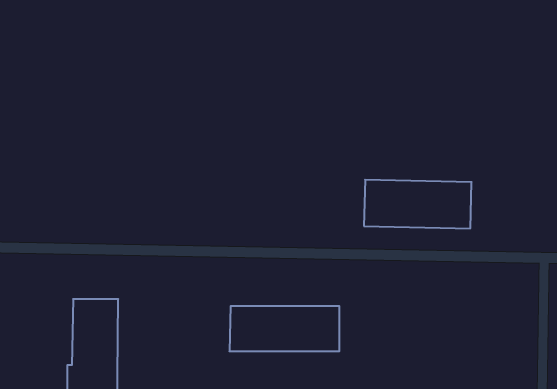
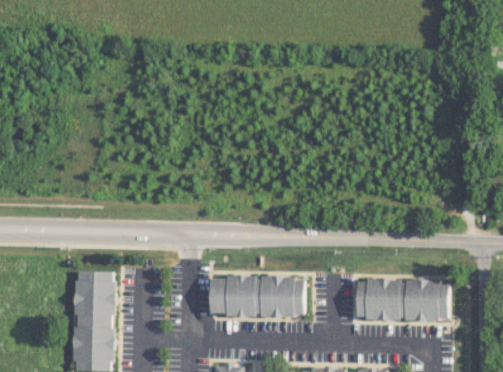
building: [364,180,472,228] -> [356,279,449,321]

